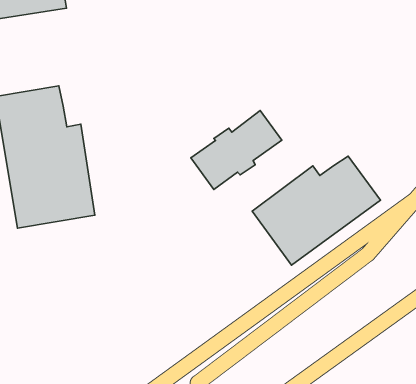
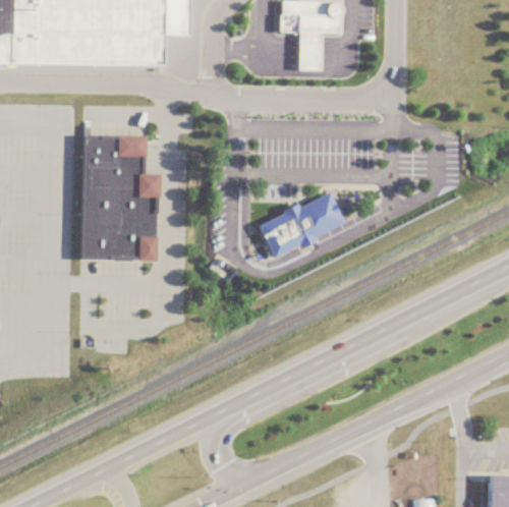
building: [252,156,380,265] -> none

